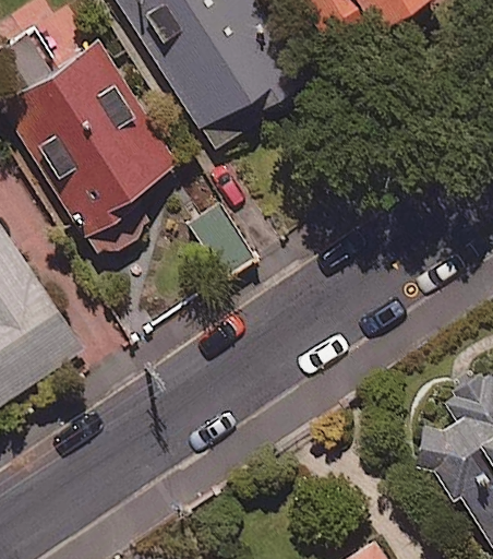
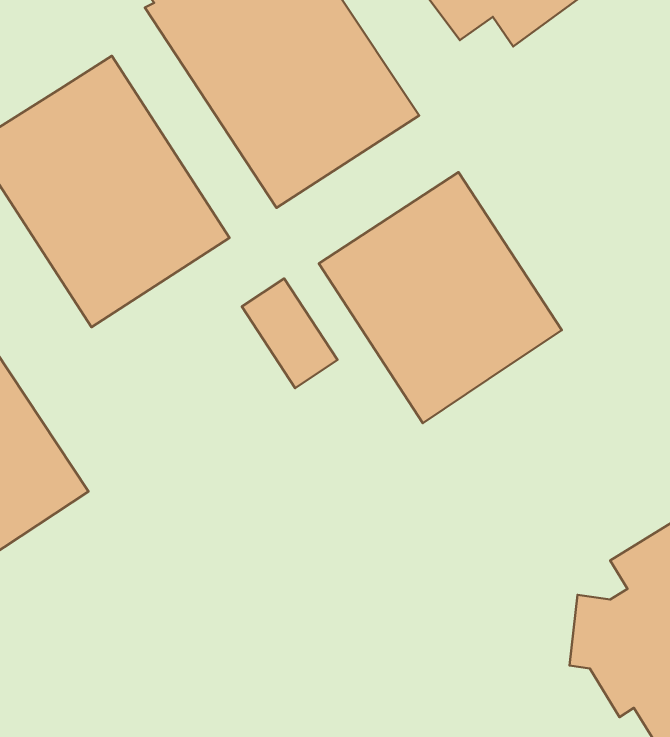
building: none -> [319,172,562,423]

